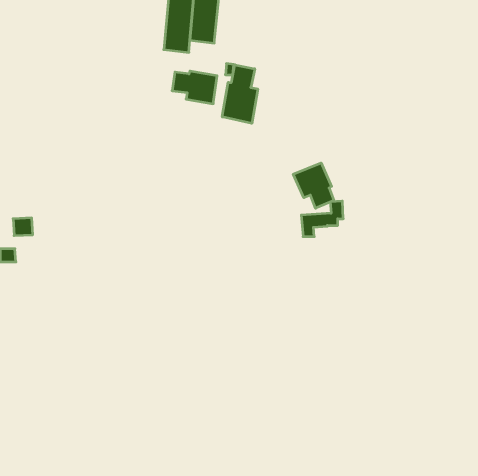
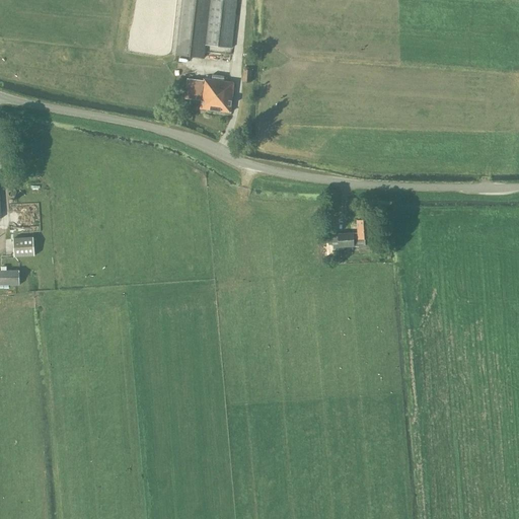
building: [222,65,258,123] -> none
building: [293,163,334,208] -> none

